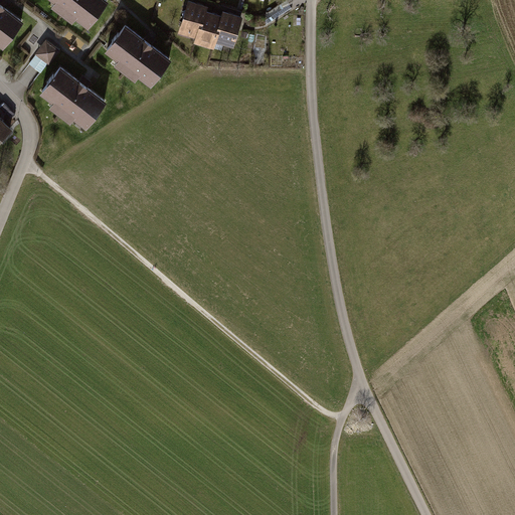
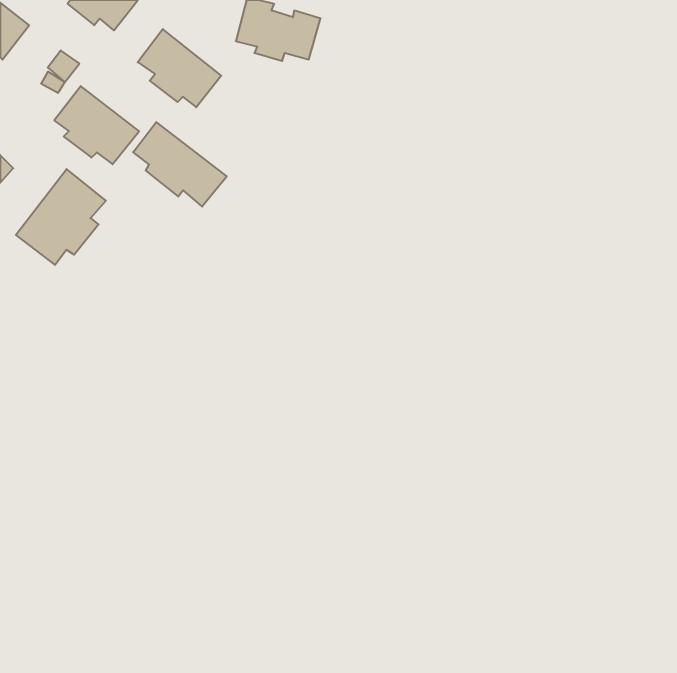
building: none -> [133,122,227,207]
building: none -> [16,169,106,265]

